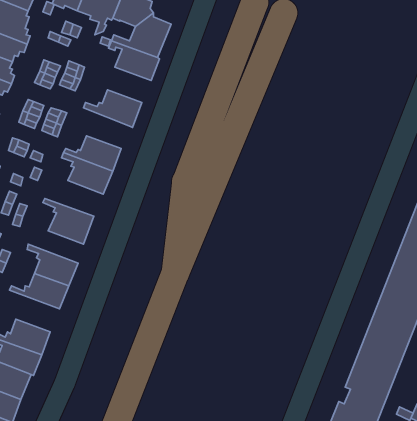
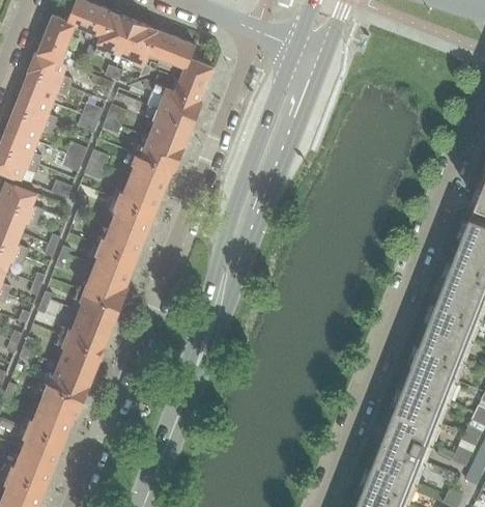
building: none -> [143,105,194,145]
building: none -> [124,150,173,191]
building: none -> [88,223,146,258]
building: none -> [72,273,129,305]
building: none -> [52,332,103,373]

